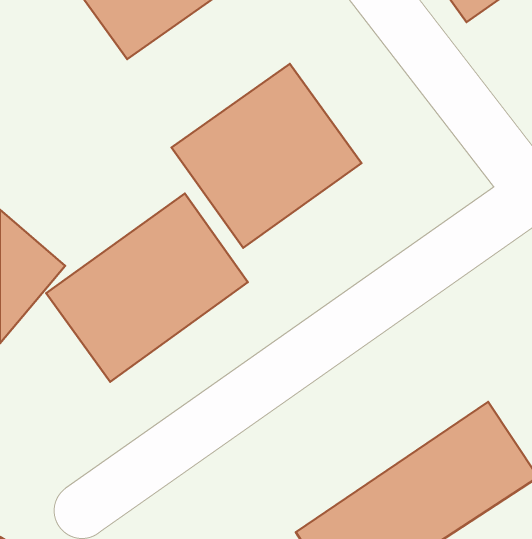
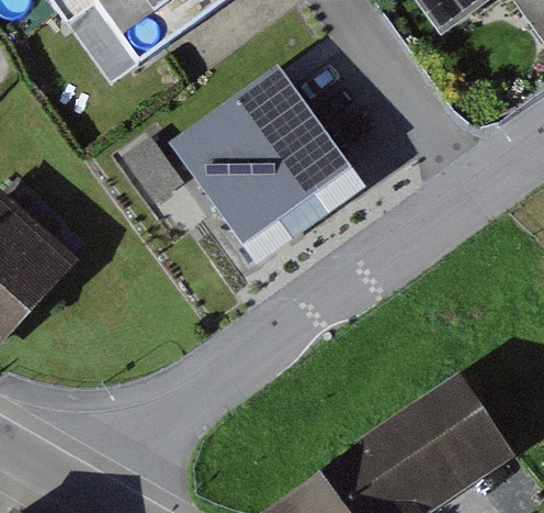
building: [46,194,248,382] -> none

